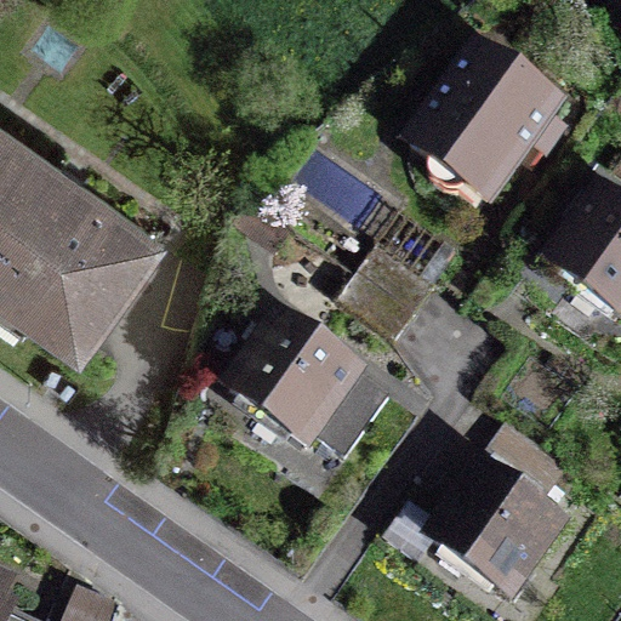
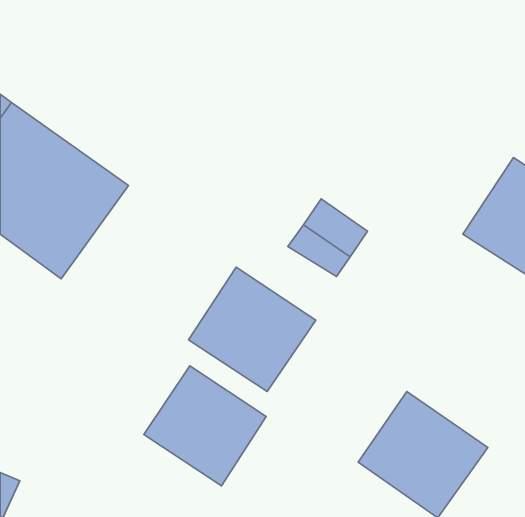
building: [409,39,580,213] -> none
building: none -> [144,366,266,486]

